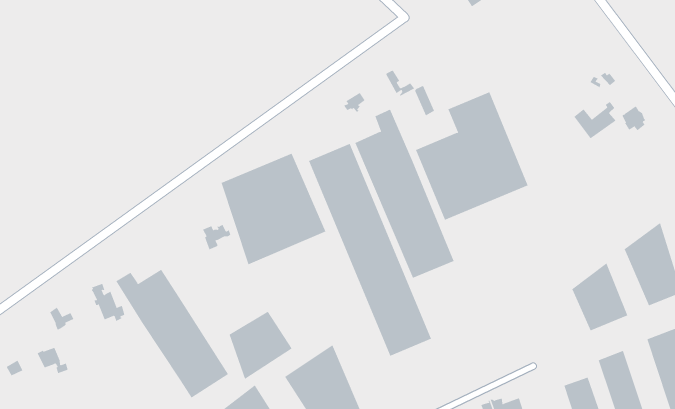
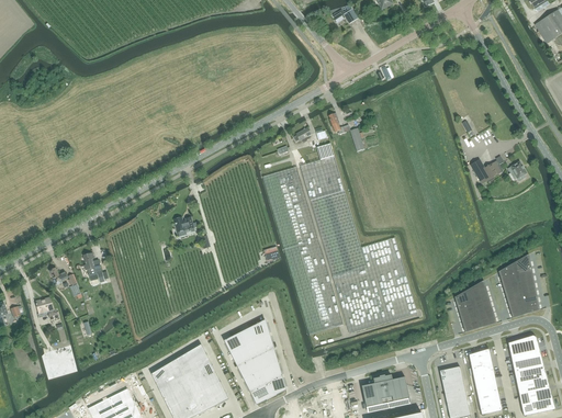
building: [415,92,529,220] -> [333,237,417,332]
building: [221,153,326,265] -> none
building: [115,269,229,399] -> none
building: [229,311,292,380] -> none

